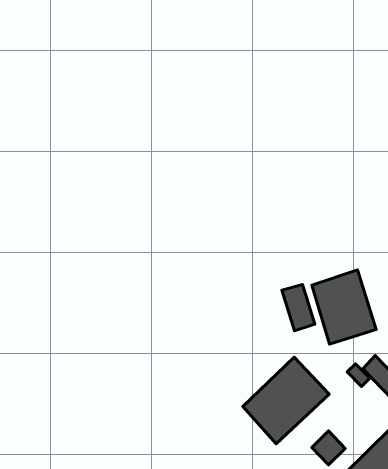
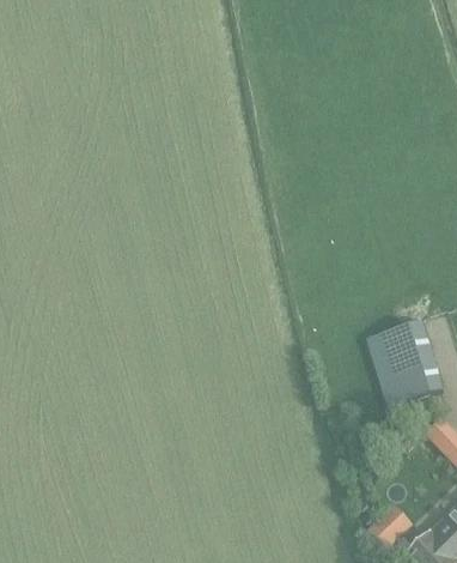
building: [282,285,315,331] -> none
building: [243,357,329,444] -> none

